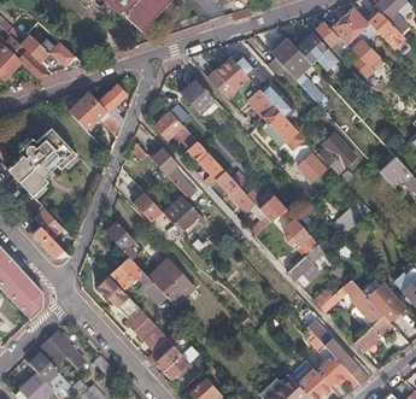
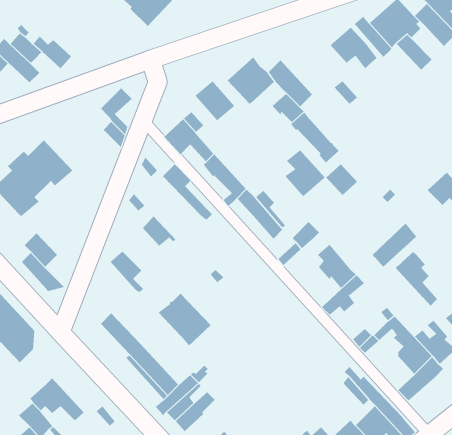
building: [271,39,310,78] -> none
building: [68,90,106,129] -> none
building: [321,133,356,174] -> [285,149,325,197]
building: [164,195,205,231] -> none
building: none -> [395,251,438,307]
building: [111,257,168,305] -> none

